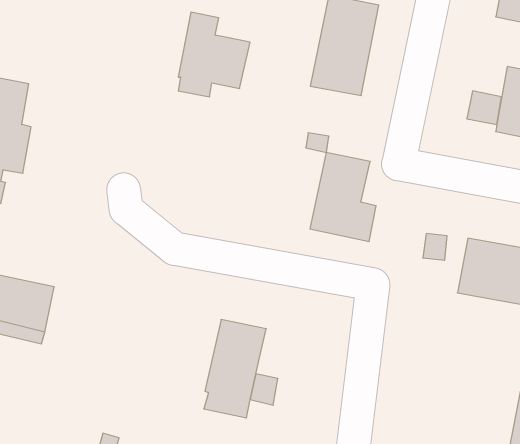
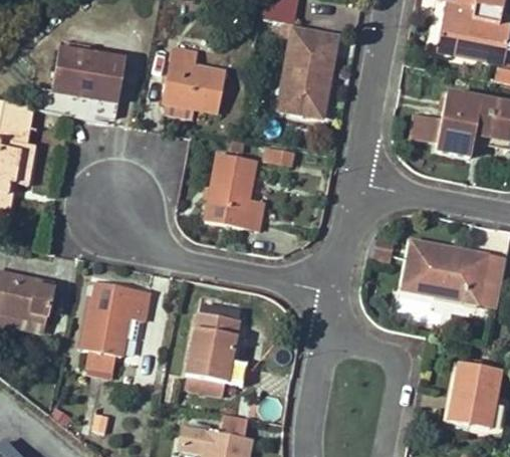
building: none -> [52,38,125,100]
building: [310,152,376,242] -> [205,153,262,230]
building: none -> [82,280,148,371]

